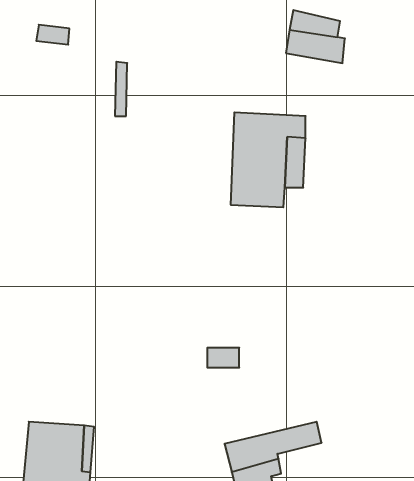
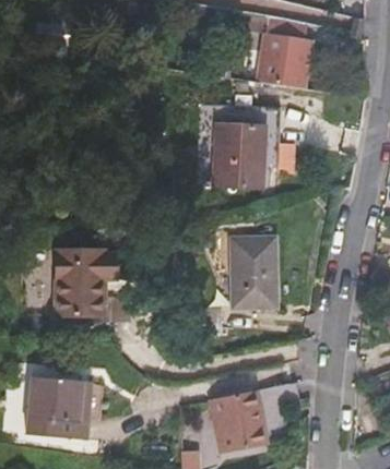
building: none -> [257,52,311,88]
building: none -> [233,240,271,308]
building: none -> [52,252,114,316]

